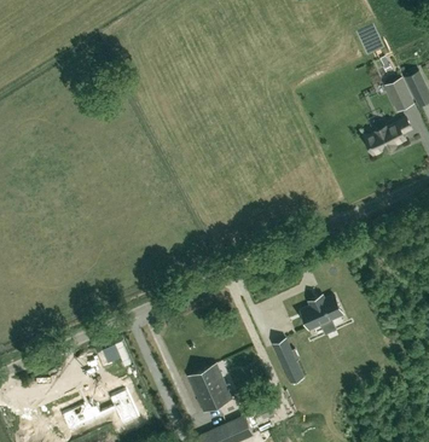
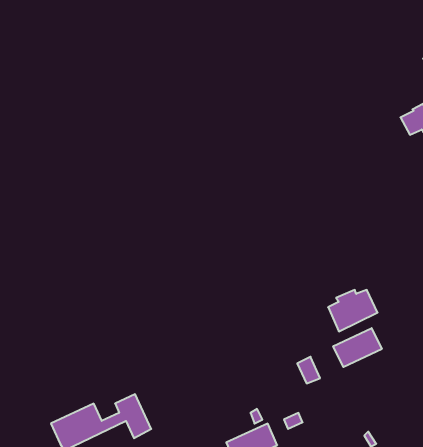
building: none -> [333,328,382,367]
building: [189,365,232,412] -> none

